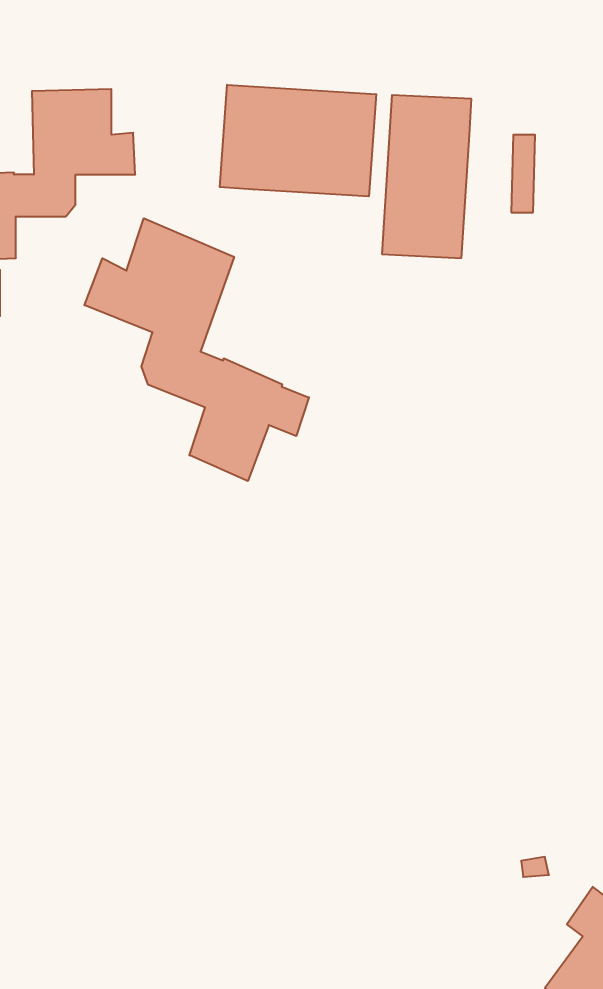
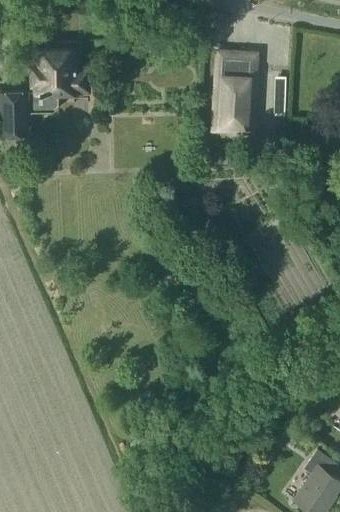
building: [220,85,376,196] -> none
building: [84,218,309,481] -> none

